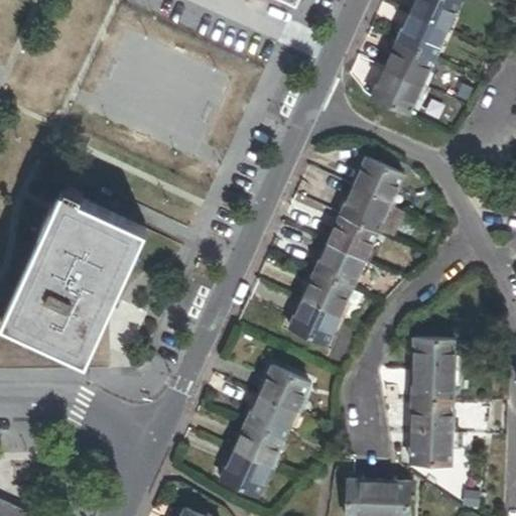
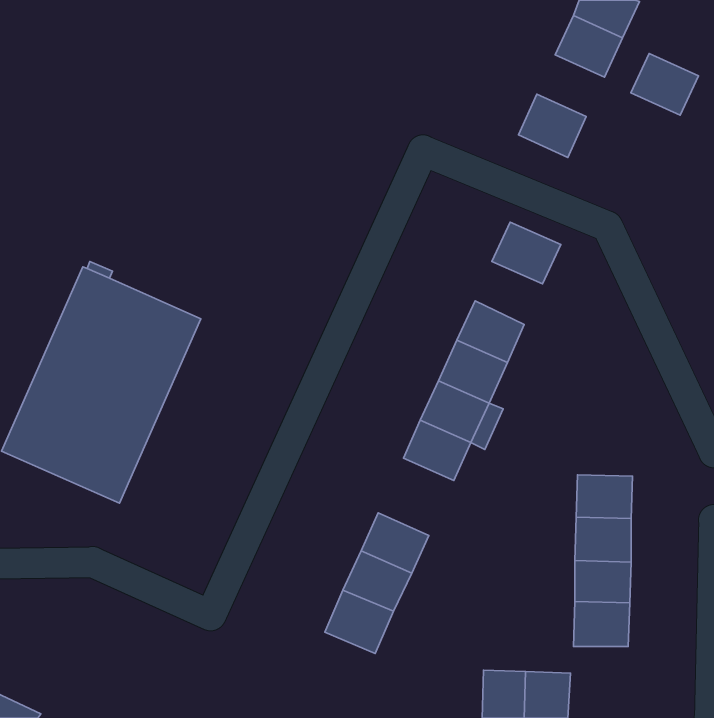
building: [385,39,433,84] -> [631,54,698,115]
building: [341,187,389,233] -> none
building: [221,454,269,496] -> none

